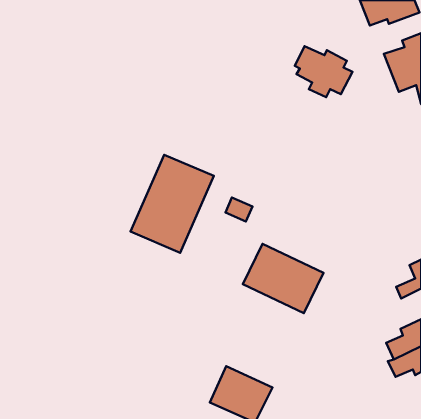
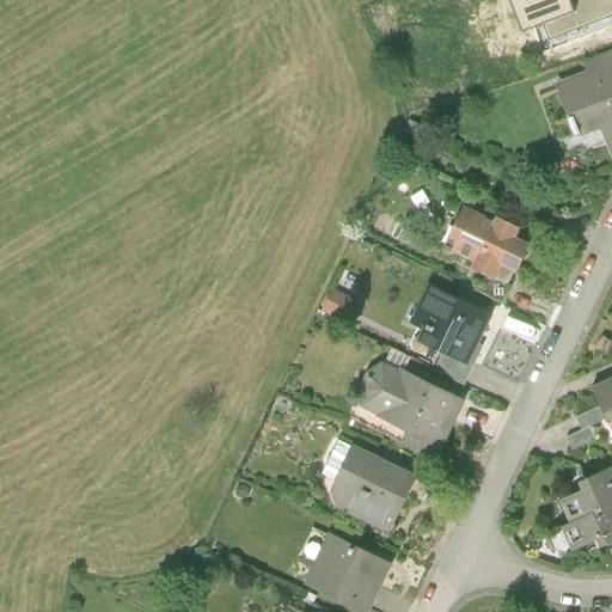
building: [295,46,353,97] -> [448,206,532,280]
building: [130,155,214,253] -> none
building: none -> [408,282,496,369]
building: none -> [323,443,420,534]

